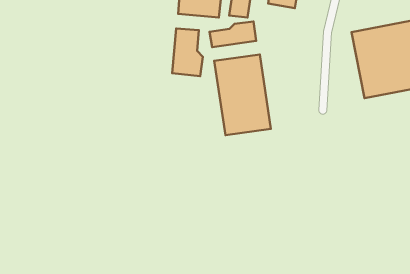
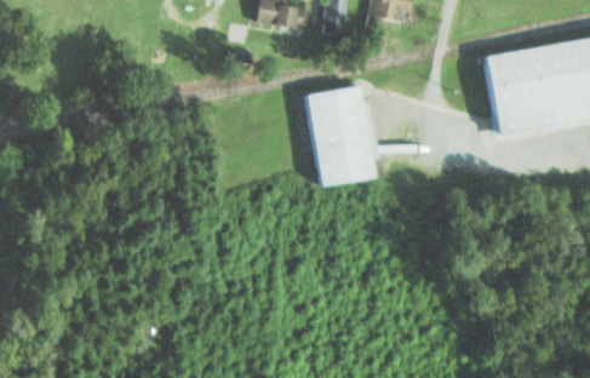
building: [210,21,256,47] -> none
building: [172,28,203,76] -> none

